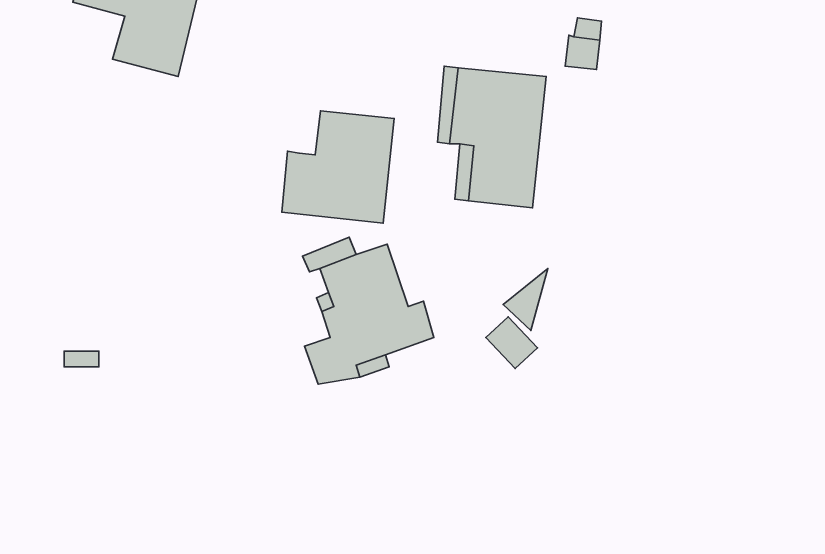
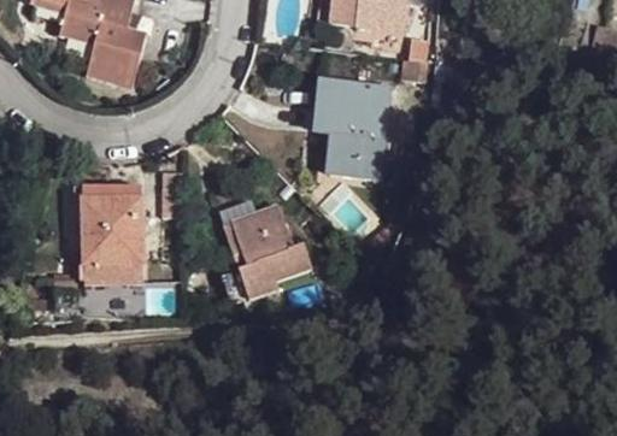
building: [282,111,394,223] -> none
building: none -> [81,185,143,284]

